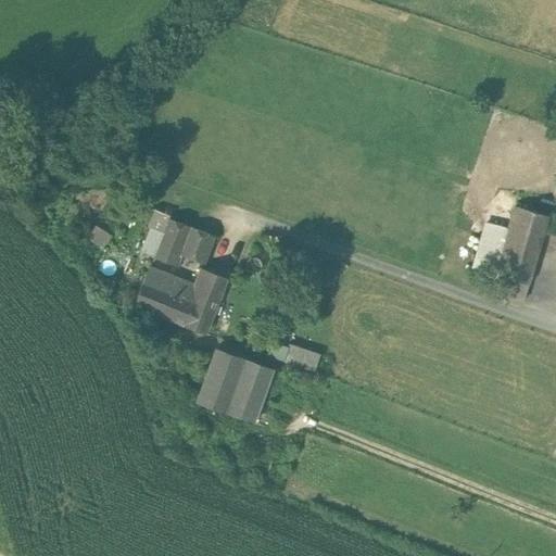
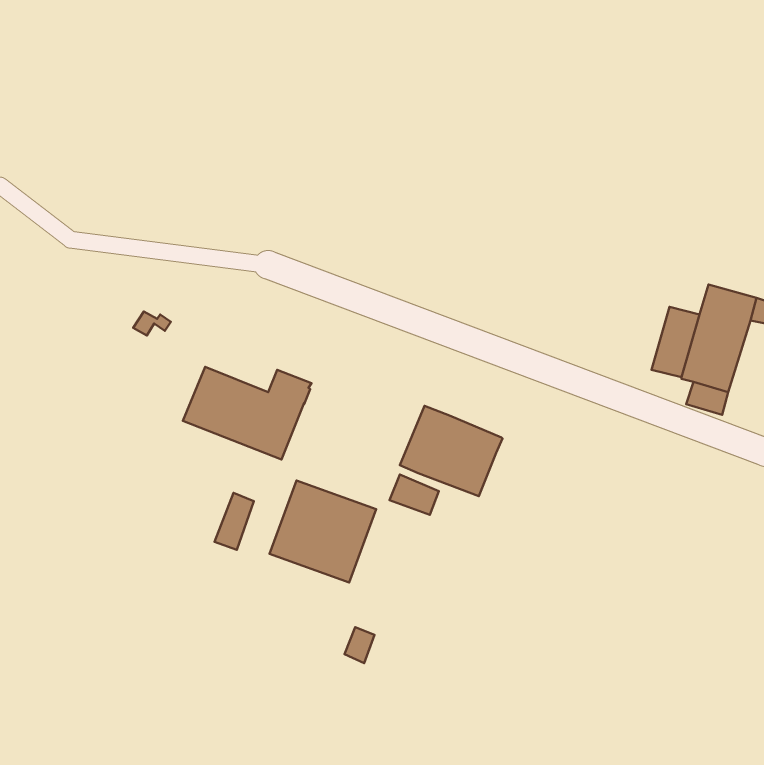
building: [141,219,215,264] -> none
building: none -> [400,406,502,496]
building: none -> [214,493,254,550]

